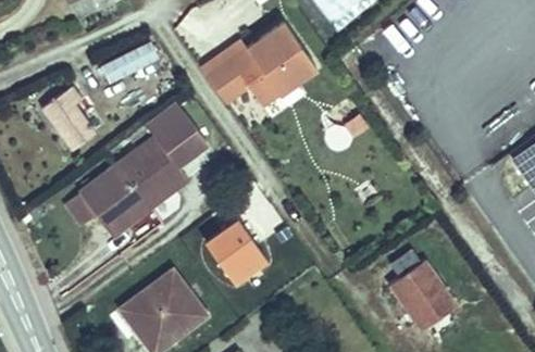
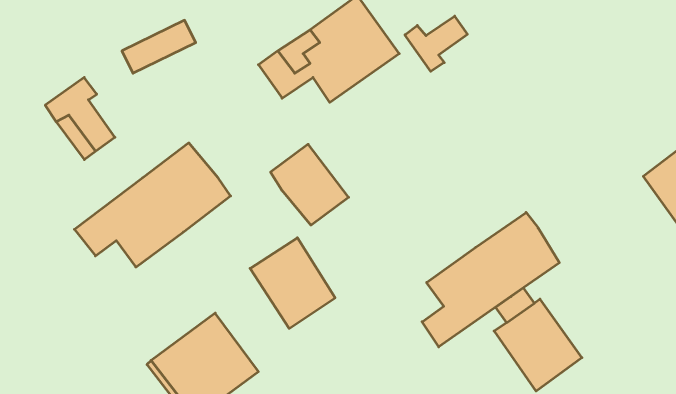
building: none -> [405,16,467,71]
building: [144,102,204,165] -> [271,144,349,225]
building: none -> [422,212,559,347]

